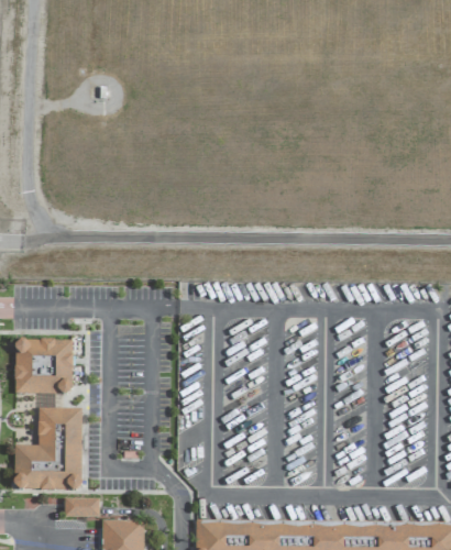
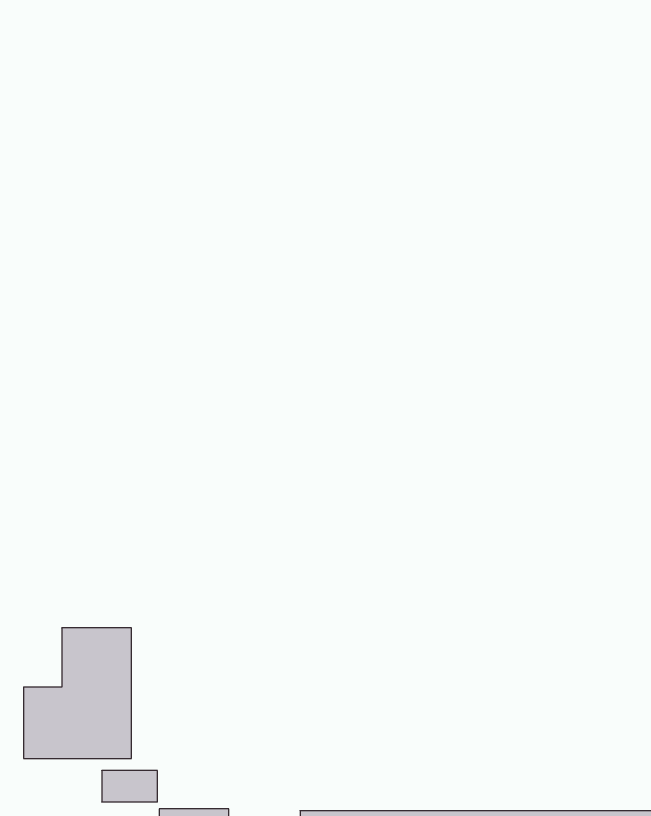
building: [18,340,78,396] -> none

